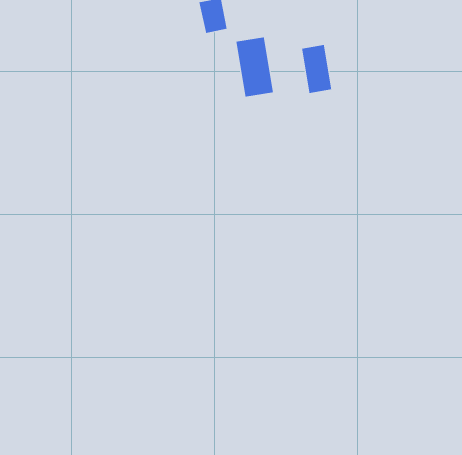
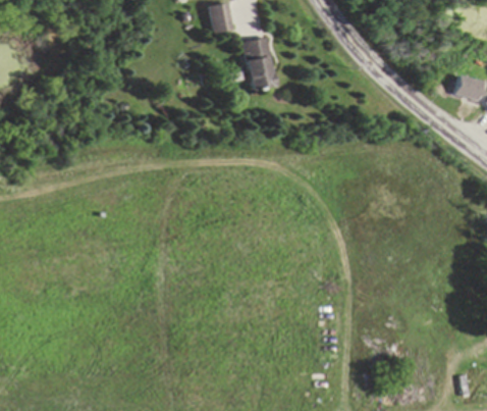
building: [301,44,332,94] -> none

